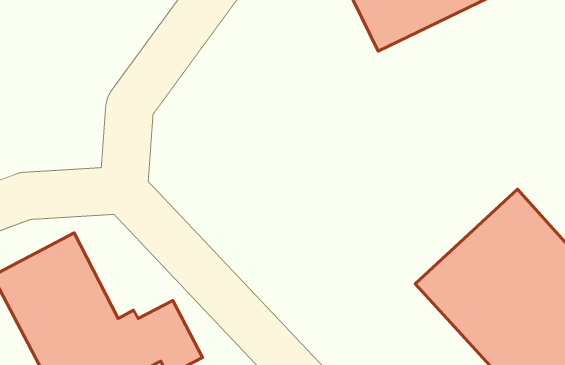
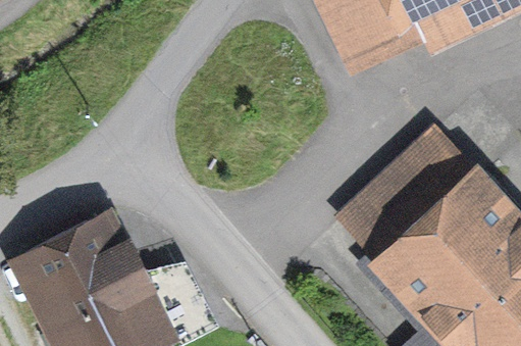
building: none -> [338,141,469,267]

